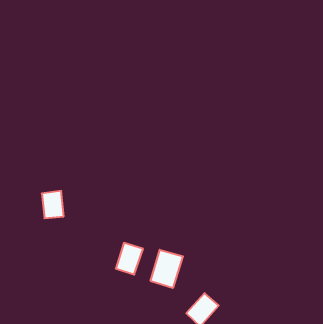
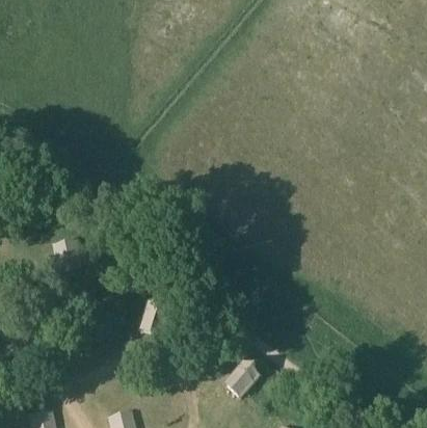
building: [151,250,183,288] -> none

